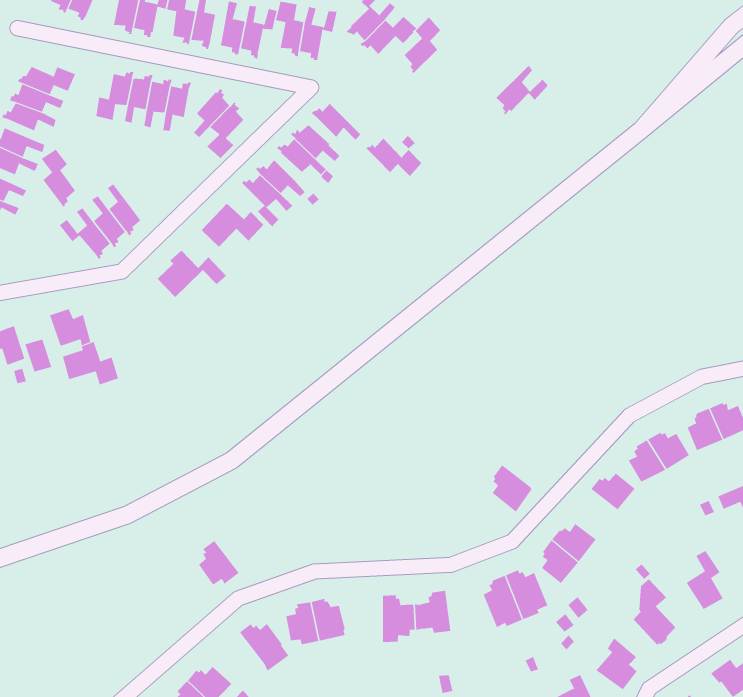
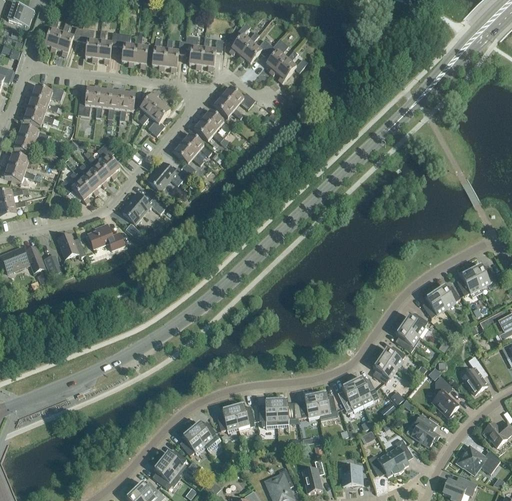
building: [492,65,548,115] -> [273,50,307,82]
building: [365,138,422,184] -> [219,86,255,114]
building: [41,149,76,207] -> [97,143,120,179]
building: [62,341,119,385] -> [88,223,124,250]
building: [492,464,532,512] -> [395,323,420,352]
building: [198,540,240,585] -> [180,427,206,455]
building: none -> [315,391,338,422]
building: none -> [259,398,278,427]

